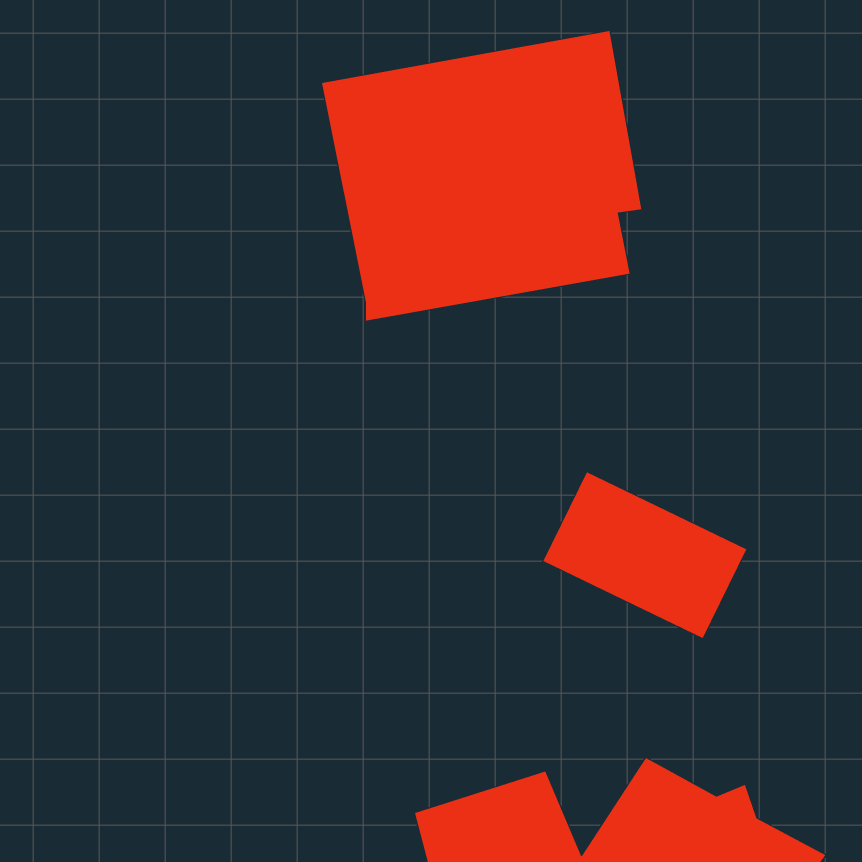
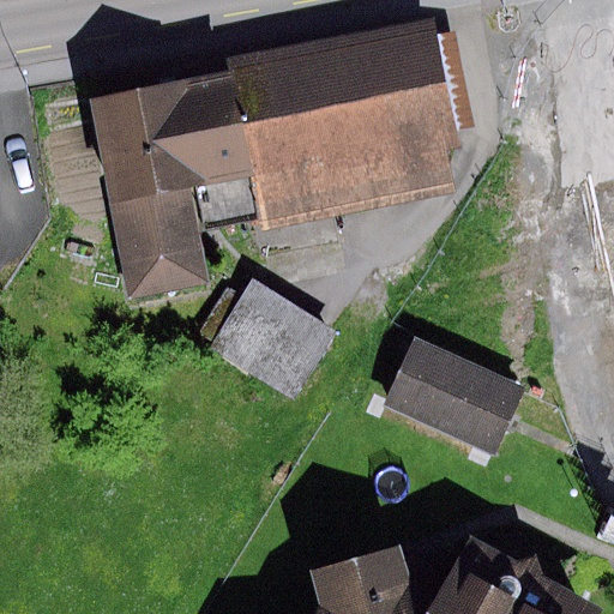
building: none -> [89,60,259,306]
building: none -> [213,281,332,386]

